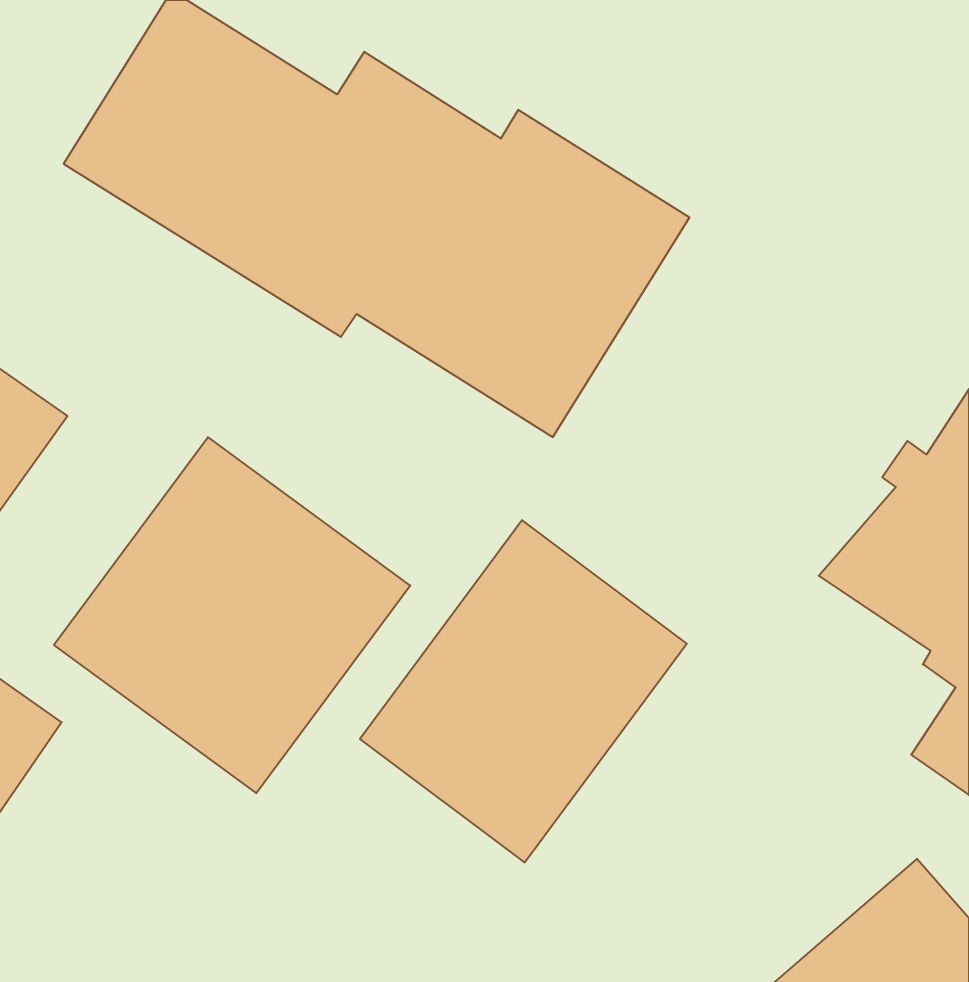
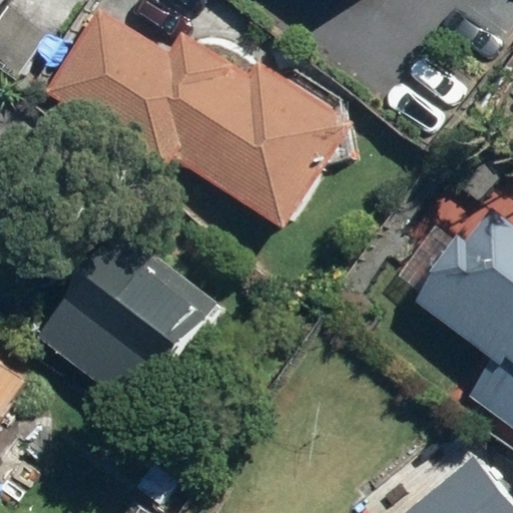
building: [360,520,687,862] -> none

